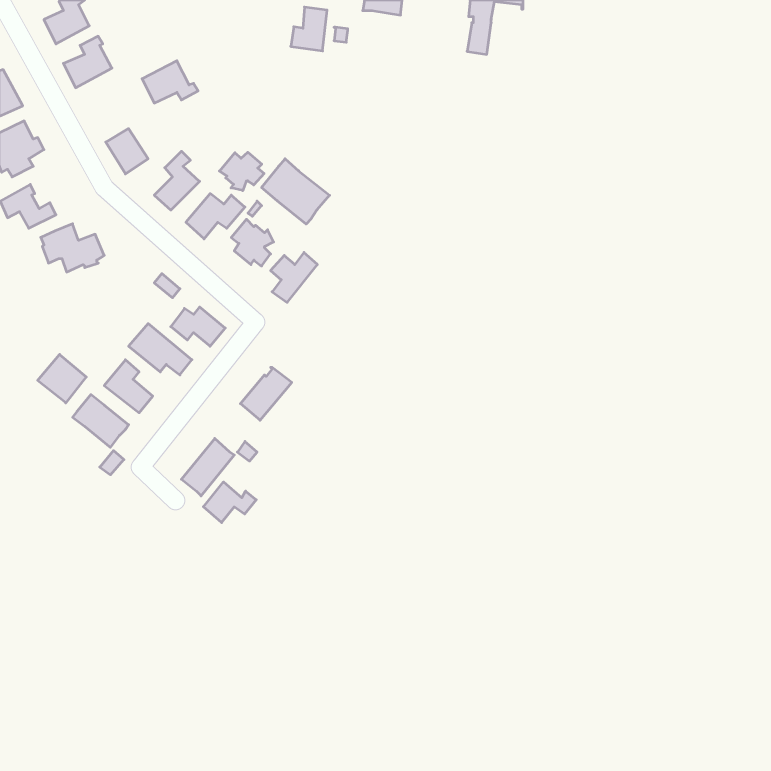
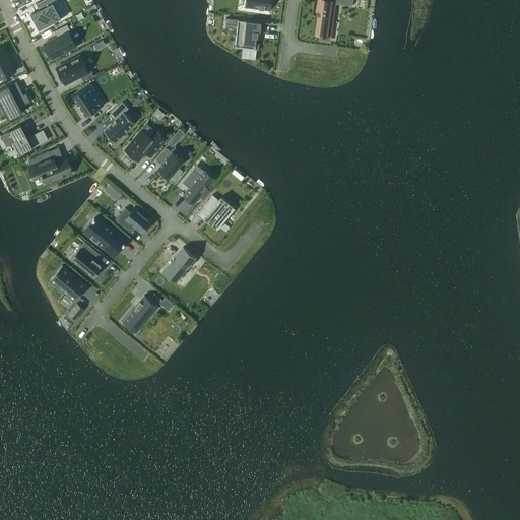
building: [291,7,327,51] -> [236,21,260,51]
building: [142,61,198,103] -> [56,56,93,84]
building: [219,152,264,191] -> none
building: [262,159,330,224] -> none
building: none -> [196,195,234,230]
building: [38,354,86,403] -> none
building: [203,482,256,523] -> none

